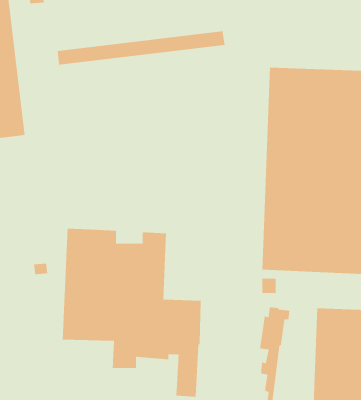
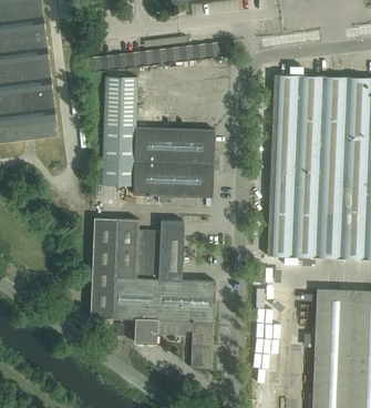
building: none -> [102,76,218,203]

